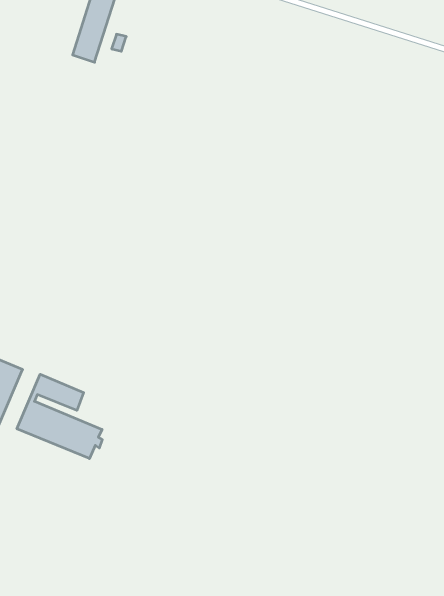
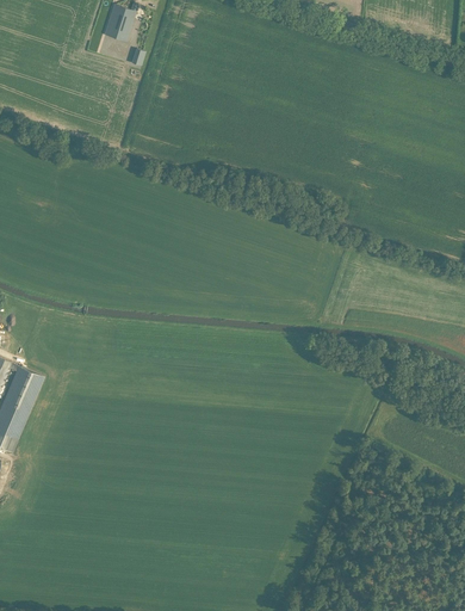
building: [17,374,102,459] -> none

